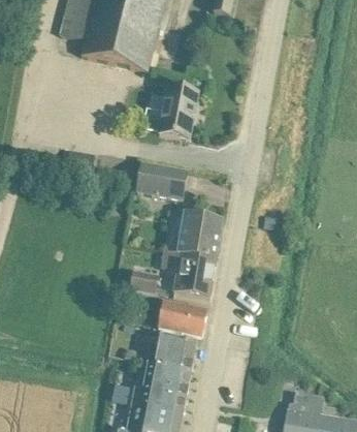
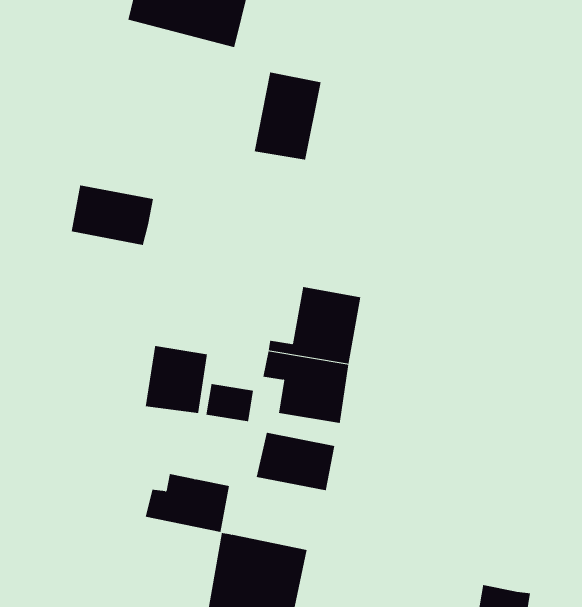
building: [136,162,186,198] -> [71,185,154,245]
building: none -> [145,345,208,414]
building: [143,335,194,370] -> [145,474,230,533]

